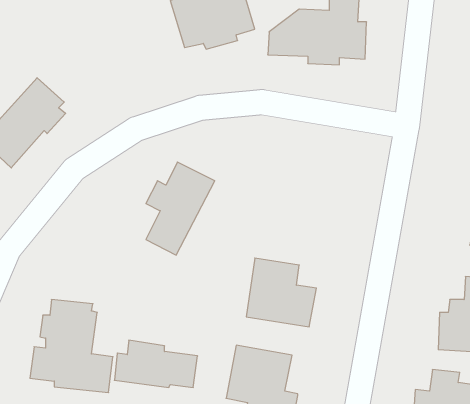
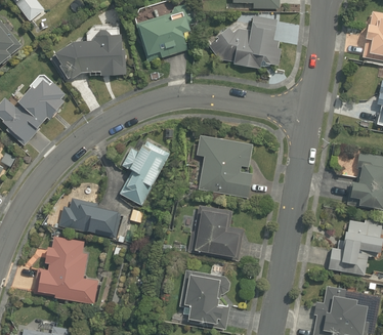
building: none -> [58,31,124,80]
building: none -> [196,134,252,198]
building: [114,340,198,387] -> [60,198,120,232]

